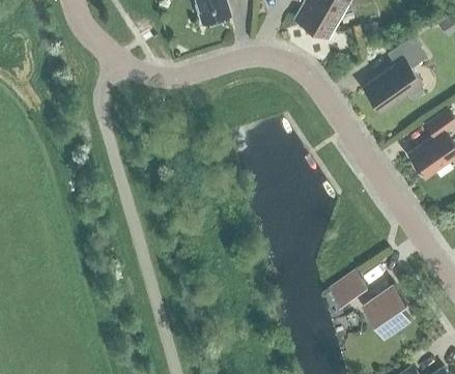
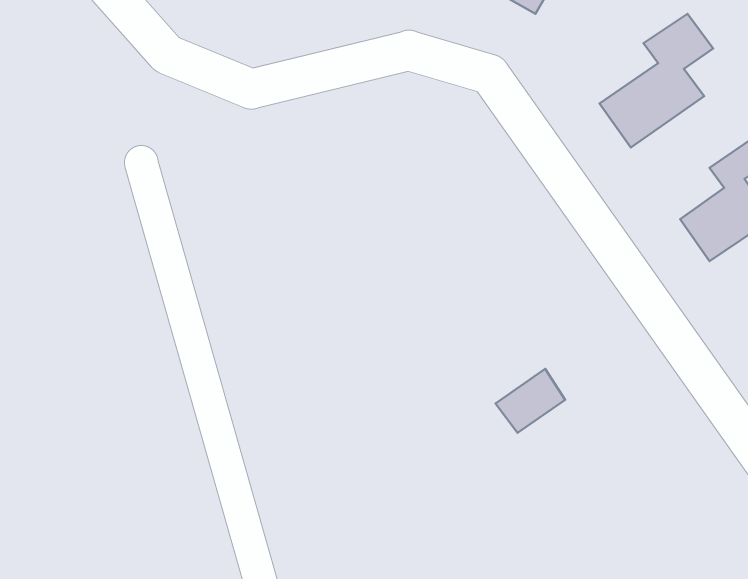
building: [329,269,368,306] -> [496,369,565,433]
building: [363,284,410,339] -> none

